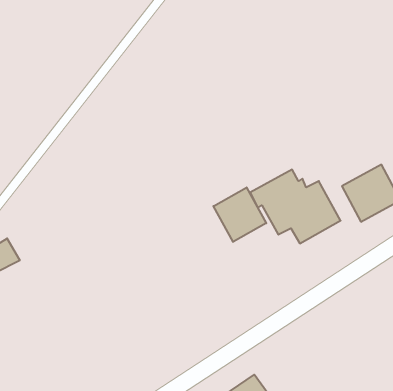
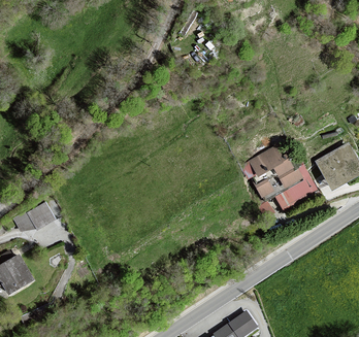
building: [213,187,266,242] -> none

